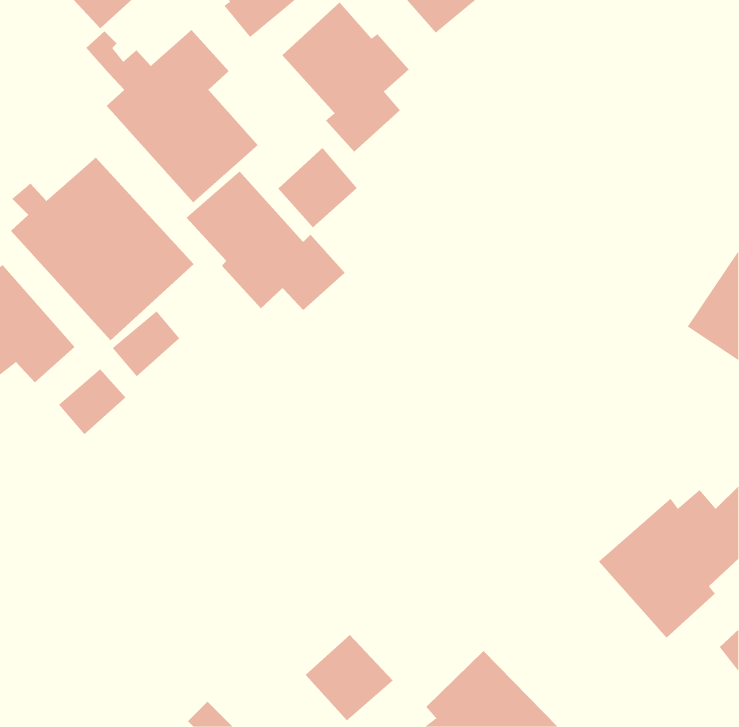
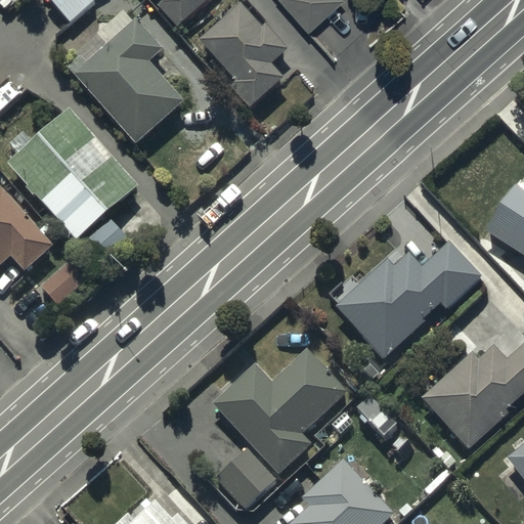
building: [277,147,358,228] -> none
building: [186,170,345,311] -> none
building: none -> [337,241,480,358]
building: none -> [212,350,347,475]

